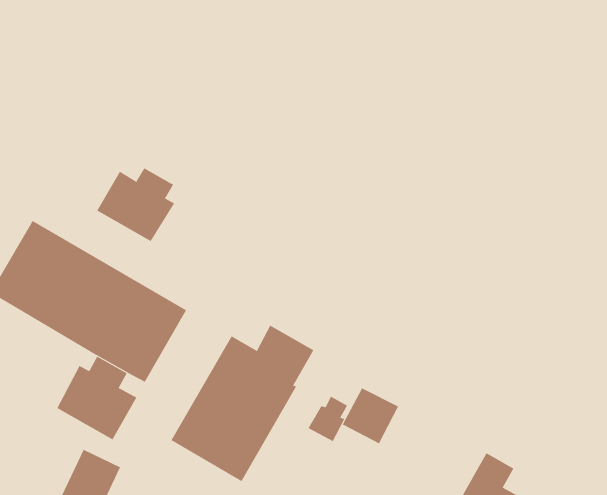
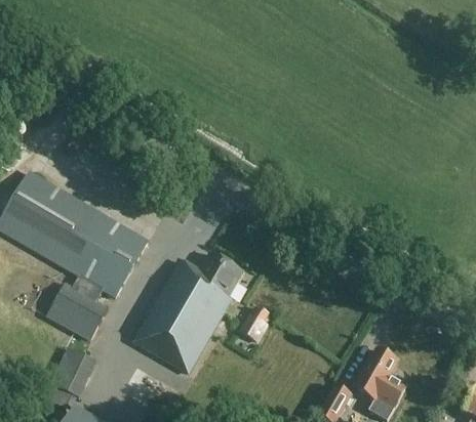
building: [97,167,175,242] -> none
building: [342,387,399,444] -> none

